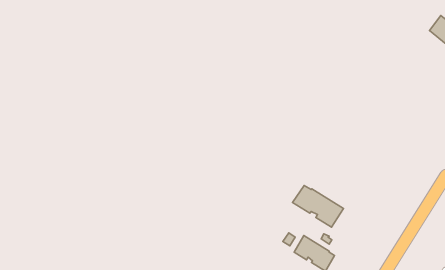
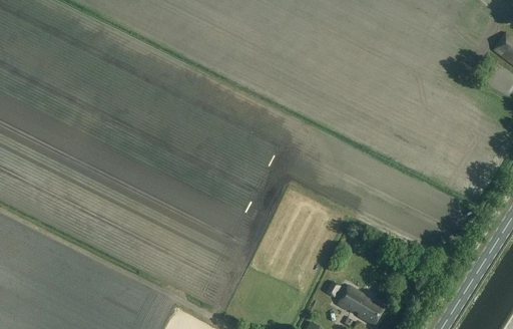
building: [292,185,344,227] -> none

